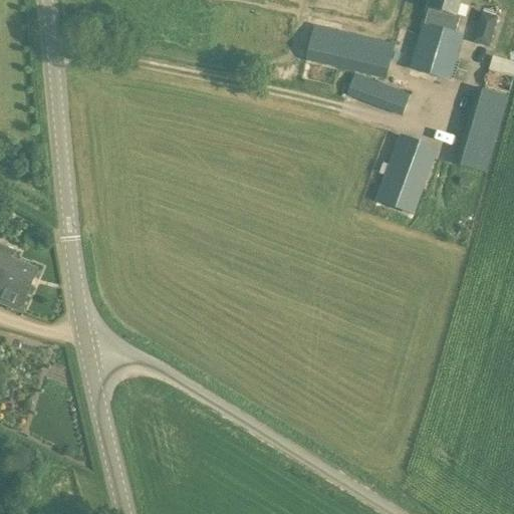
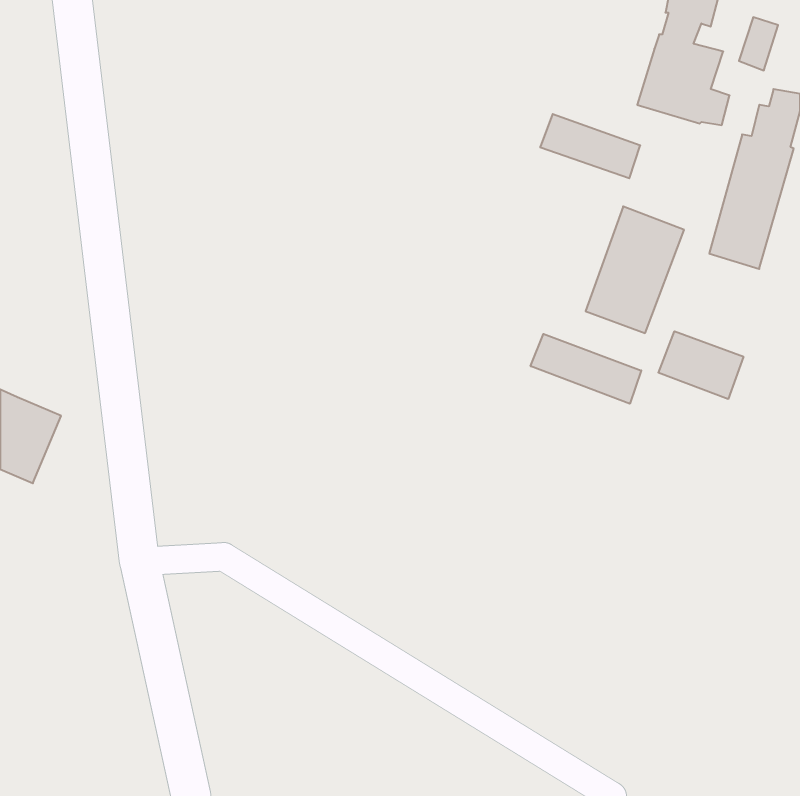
building: [304,23,396,78] -> none
building: none -> [658,331,743,399]
building: none -> [531,334,641,404]

